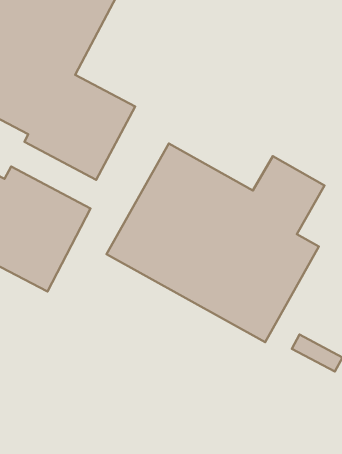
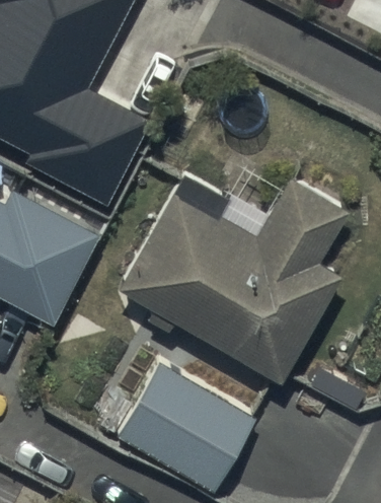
building: none -> [121,369,254,493]

